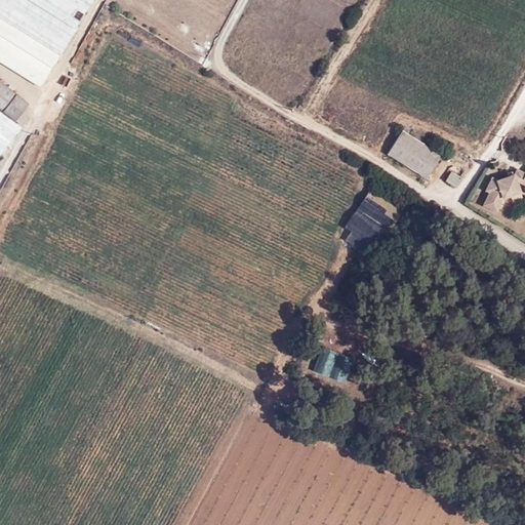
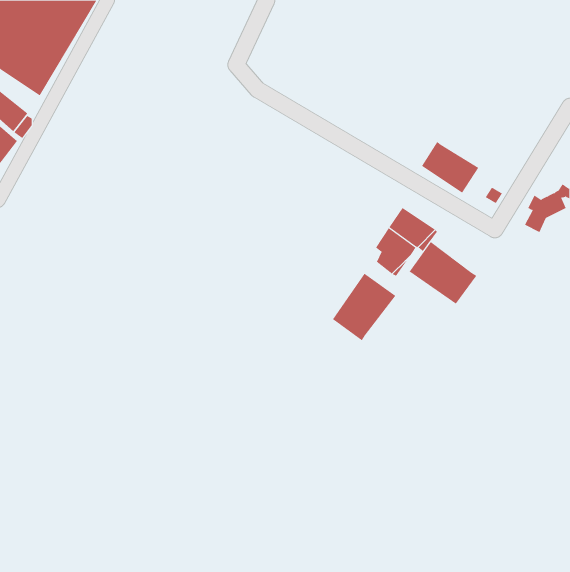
building: none -> [409,241,477,305]
building: none -> [332,273,396,341]

